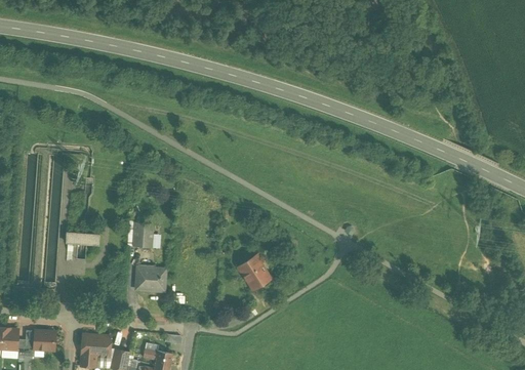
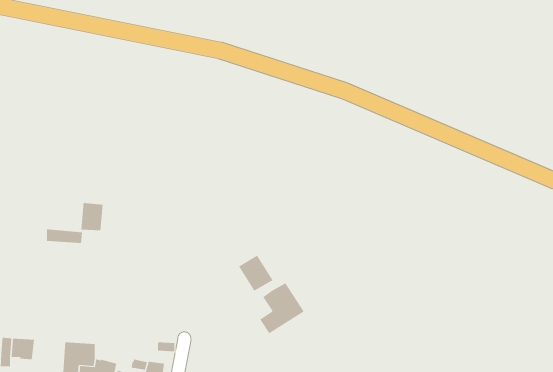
building: [132,221,153,247] -> [81,202,103,231]
building: [135,266,165,291] -> none
building: none -> [259,283,304,334]

